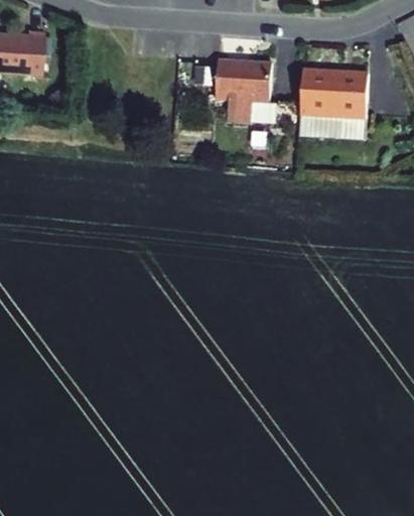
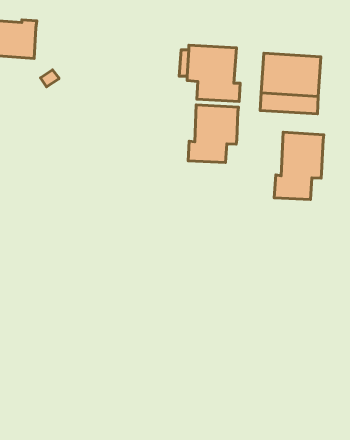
building: none -> [188,105,238,163]
building: none -> [274,132,324,200]

